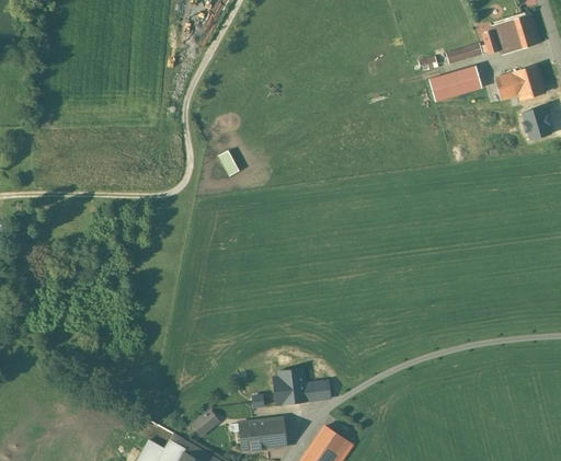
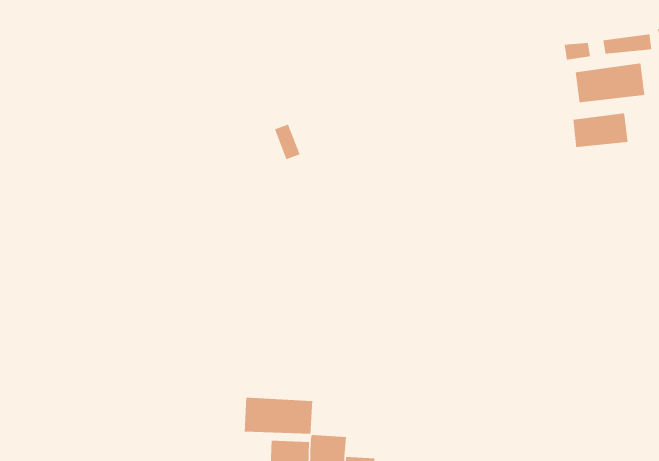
building: none -> [573,112,628,148]
building: none -> [244,397,313,434]

